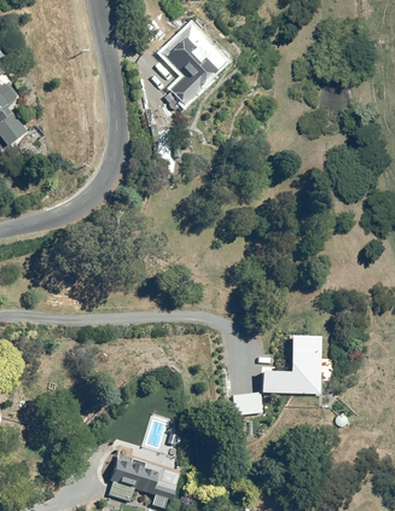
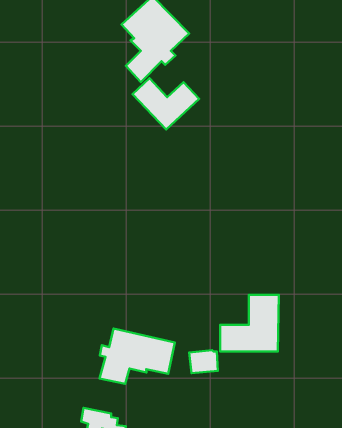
building: none -> [132,78,199,129]
building: none -> [100,328,175,384]

